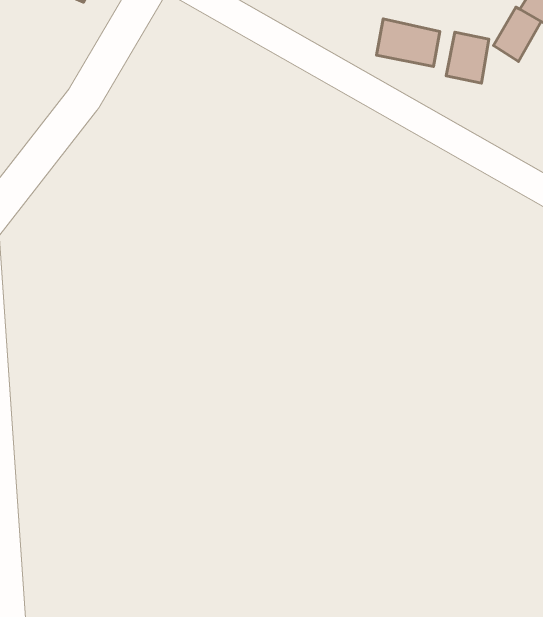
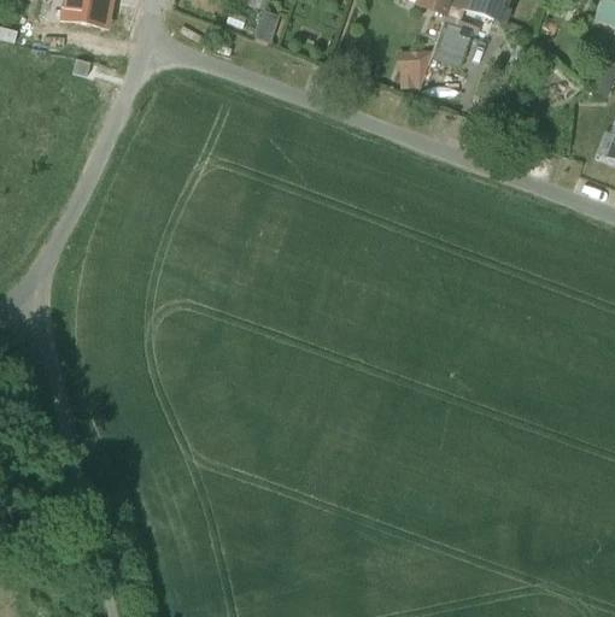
building: [376,19,440,66] -> none

